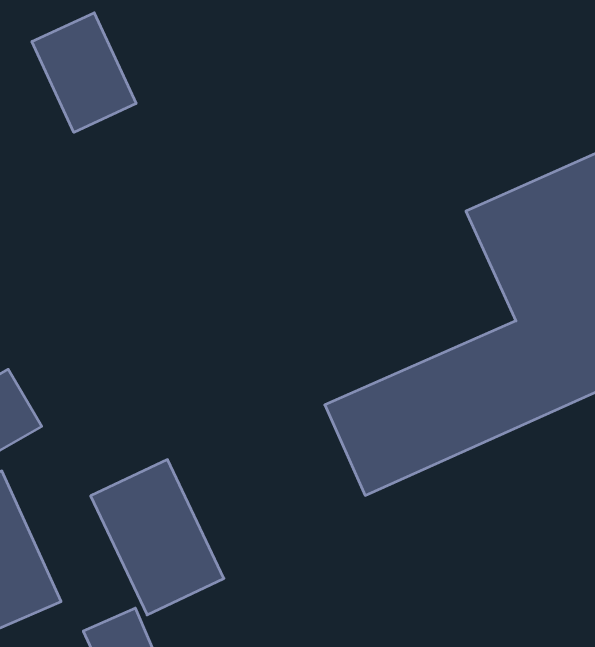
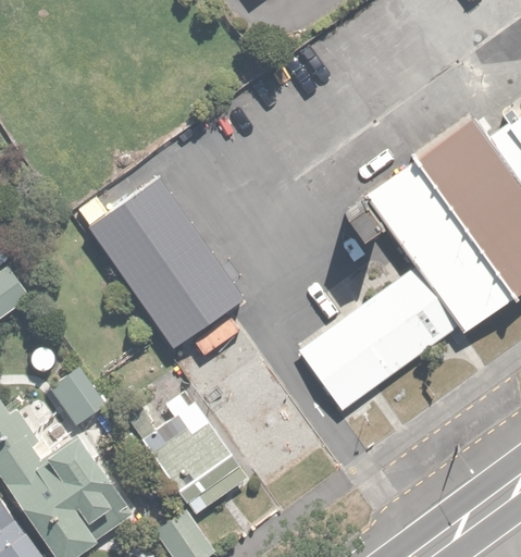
building: [32,13,136,132] -> none
building: none -> [85,183,241,355]

